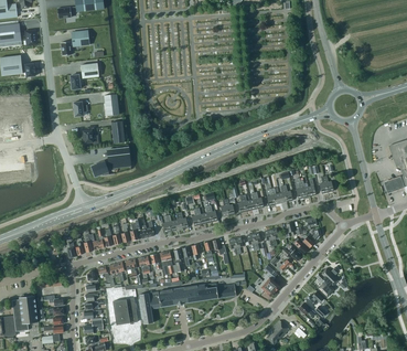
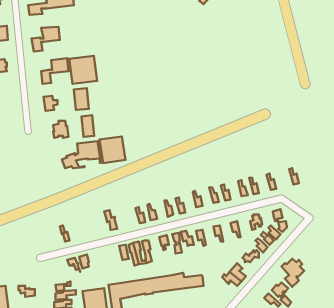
building: none -> [69,56,97,84]
building: none -> [100,136,125,163]

